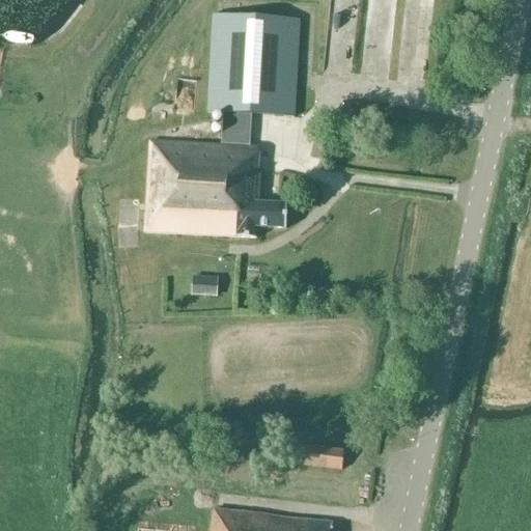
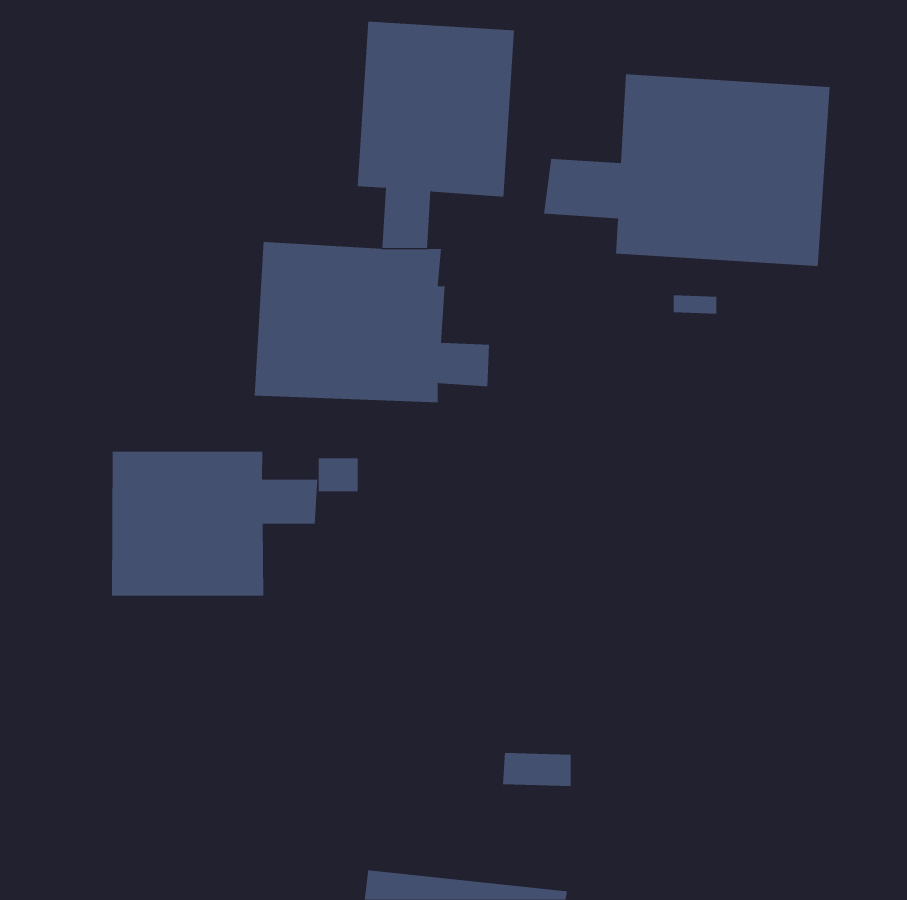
building: none -> [544,73,830,267]
building: none -> [112,451,318,597]

